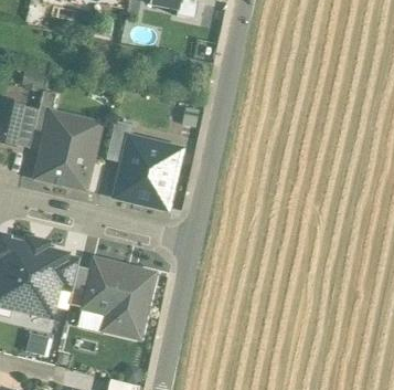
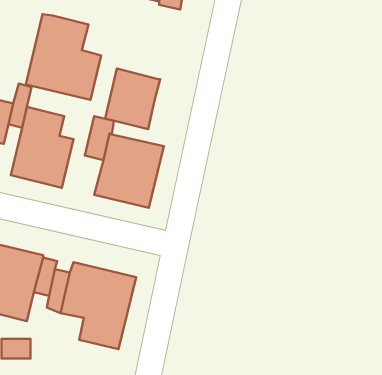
building: none -> [26,14,101,100]
building: none -> [105,69,160,129]

